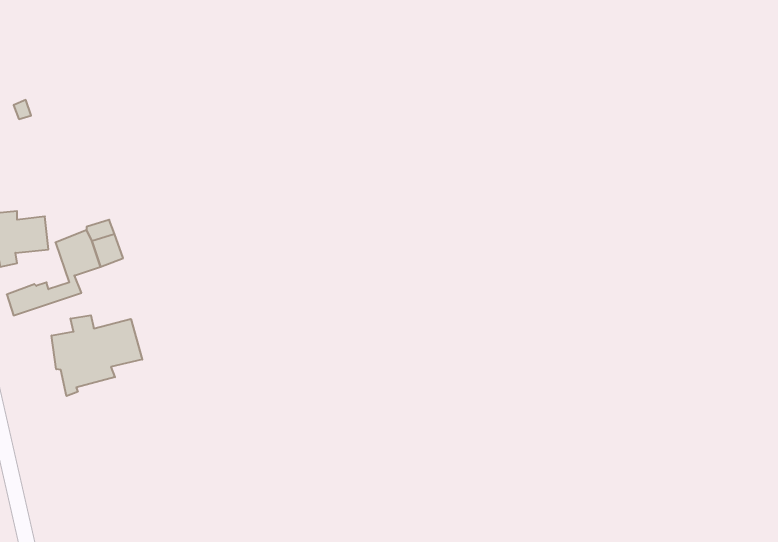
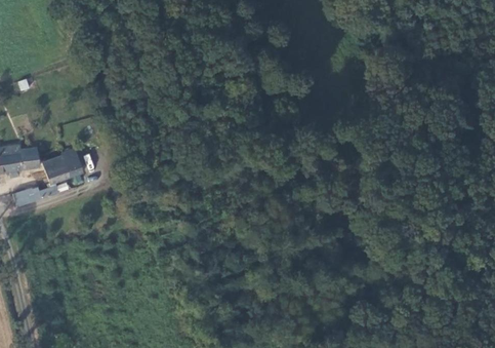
building: [52,315,142,396] -> none

